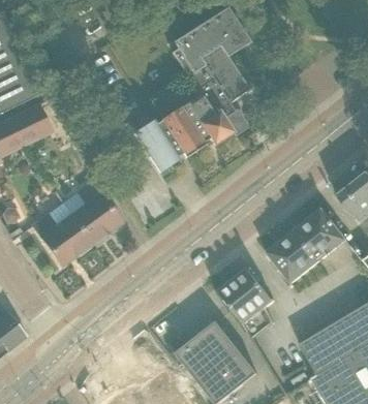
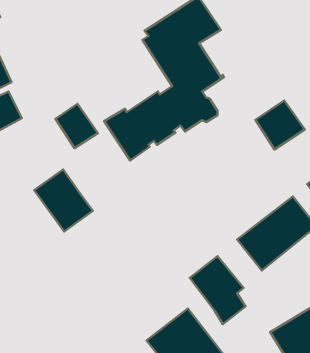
building: none -> [256,100,305,149]
building: none -> [56,104,98,148]
building: [32,203,92,266] -> none

